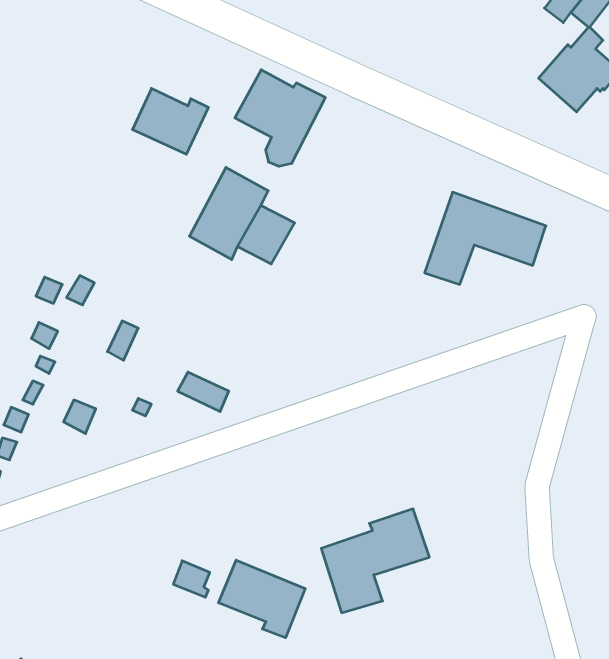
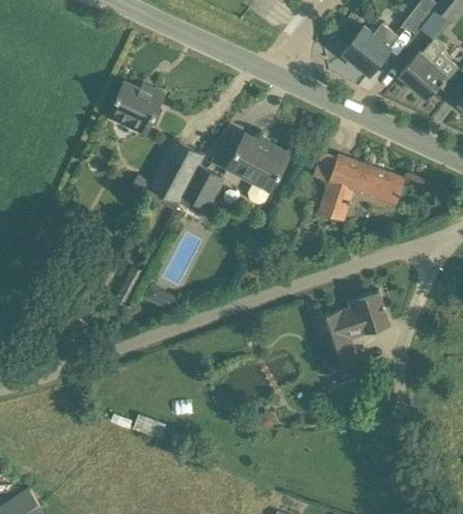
building: none -> [344,24,399,74]
building: [235,70,325,166] -> [226,136,291,204]
building: [321,509,429,613] -> [314,291,390,365]
building: [219,560,305,638] -> none

